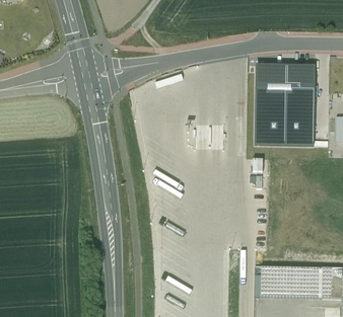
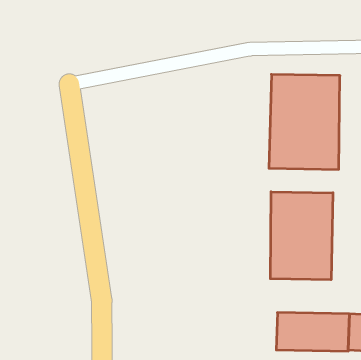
building: none -> [270,192,333,280]

